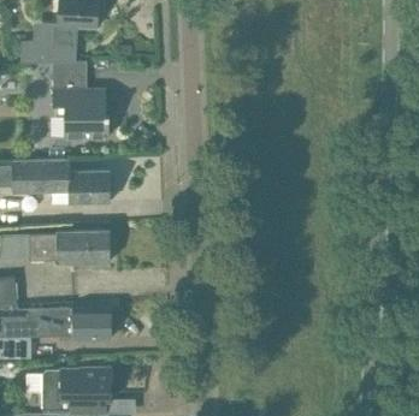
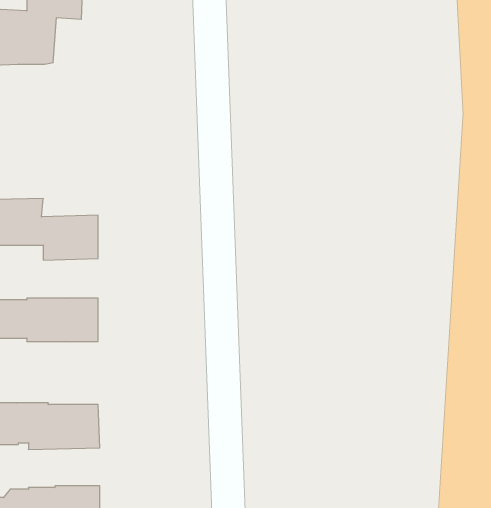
building: [52,60,108,137] -> none

